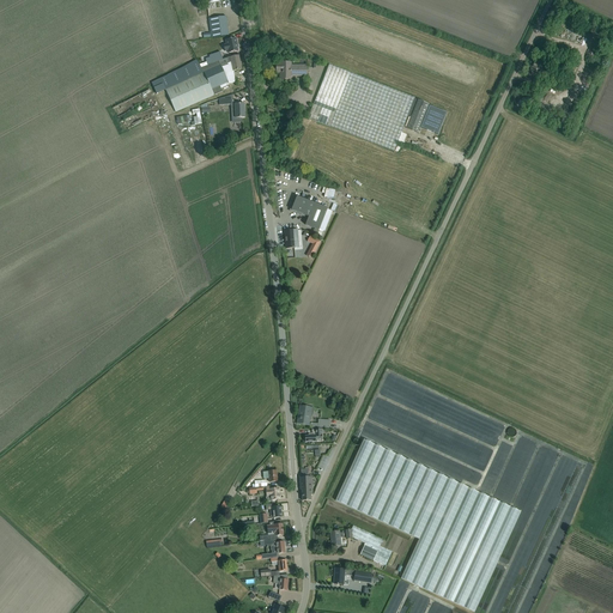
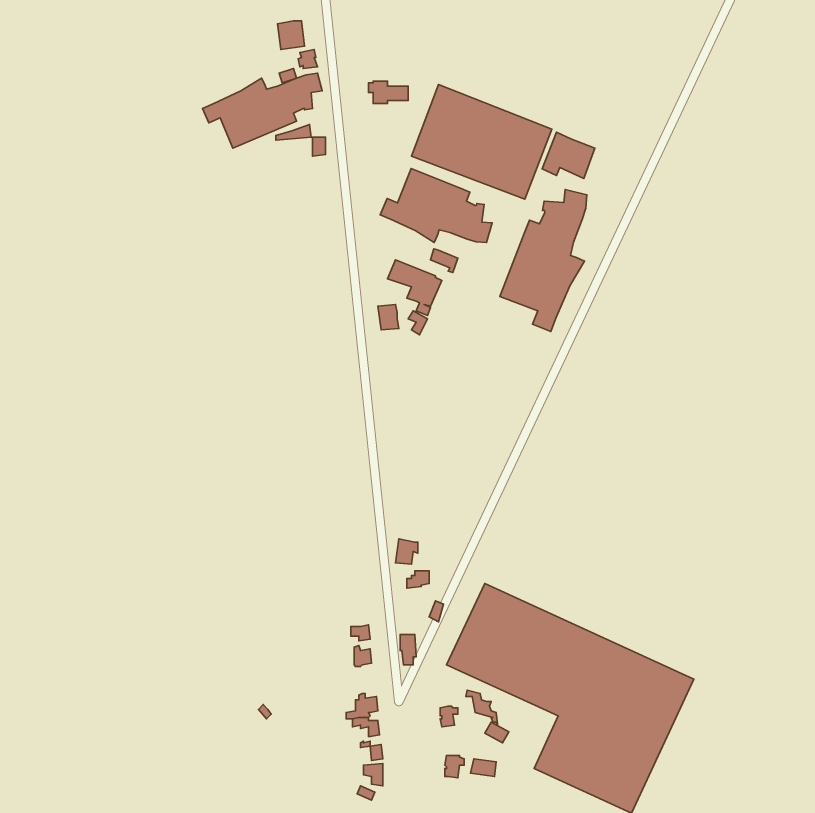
building: none -> [380,168,492,243]
building: none -> [500,189,587,332]

